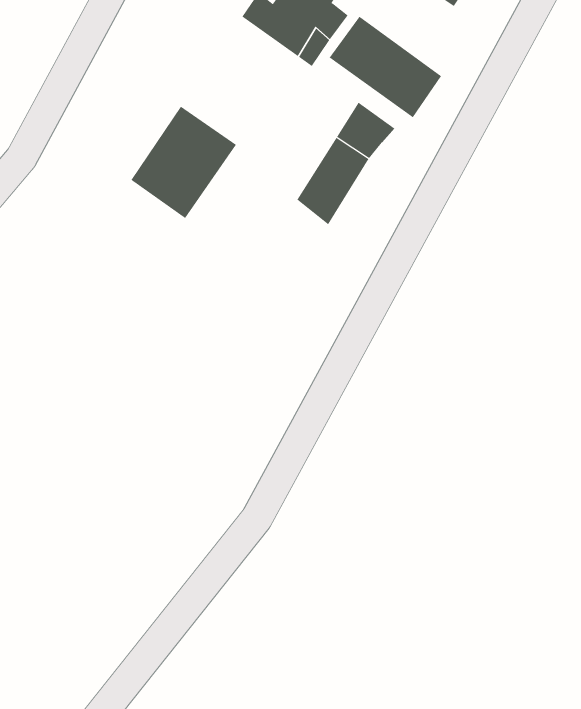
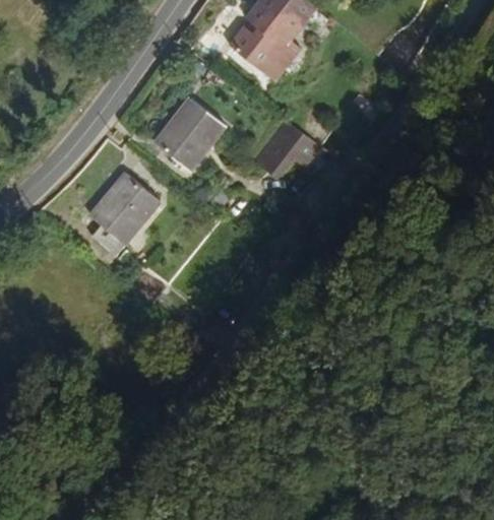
building: [329,16,442,118] -> none
building: none -> [85,167,155,250]

